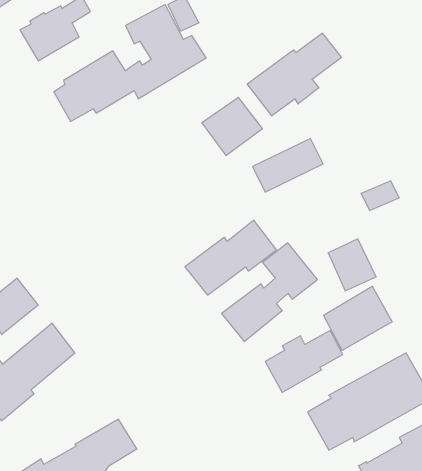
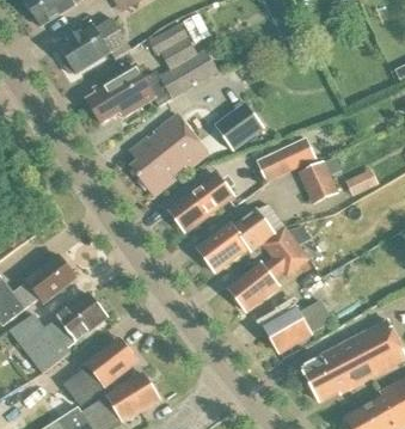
building: [247,33,341,116] -> none
building: none -> [129,110,208,194]
building: none -> [168,173,234,231]
building: [328,239,376,291] -> [297,160,338,204]
building: [323,286,392,350] -> none
building: none -> [74,337,136,399]

